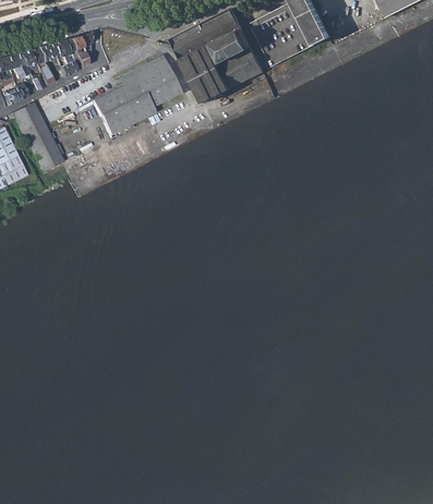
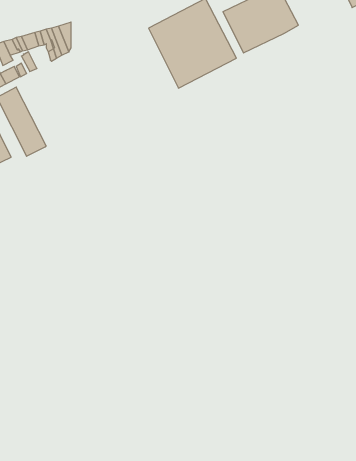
building: [93,56,181,136] -> none

